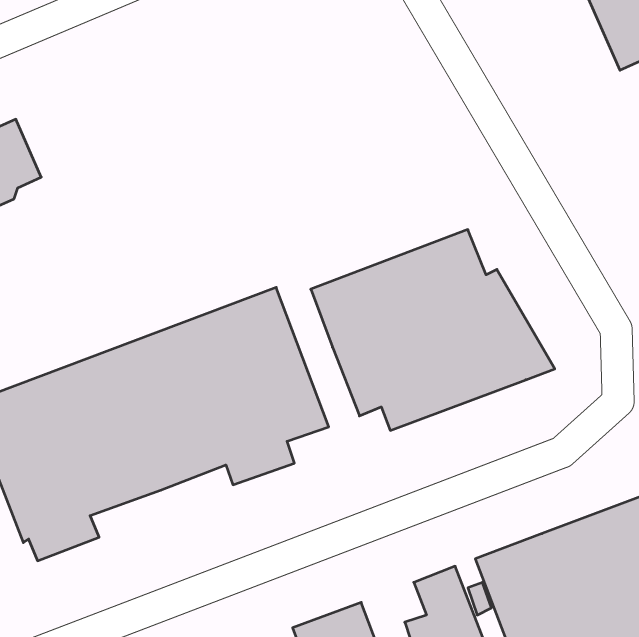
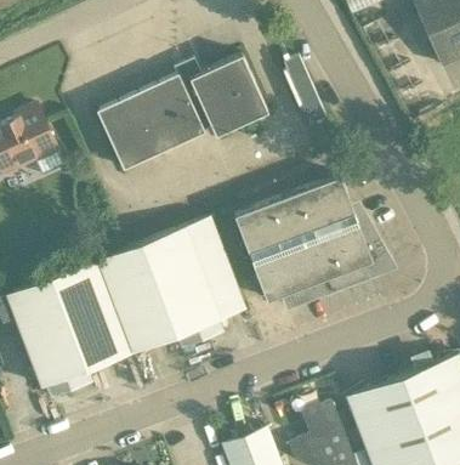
building: none -> [97,55,268,170]

